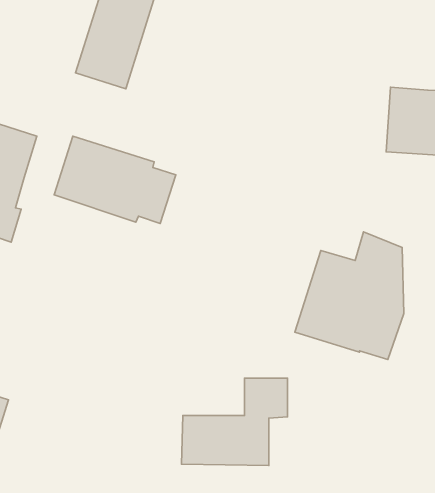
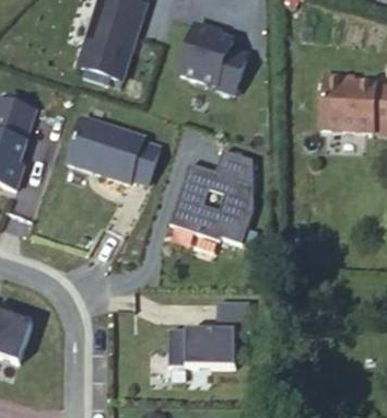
building: none -> [178,24,246,94]
building: [295,232,404,359] -> [172,147,255,244]

